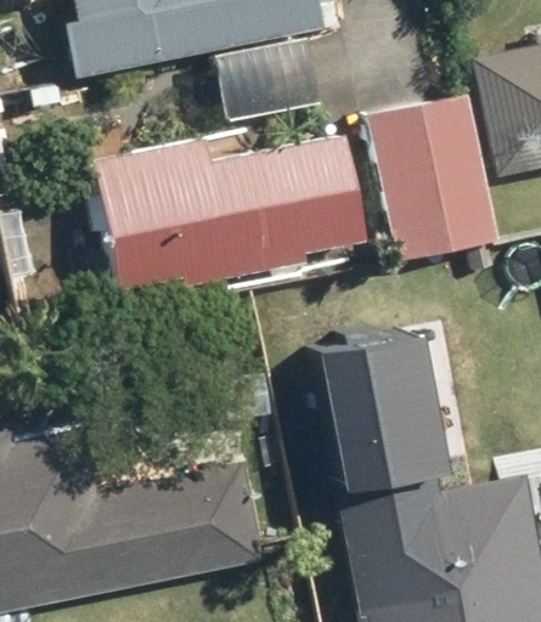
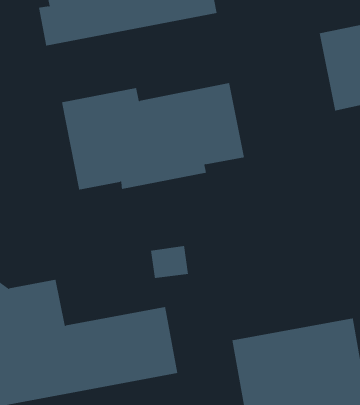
building: [367,95,494,260] -> none
building: [323,337,455,485] -> none

